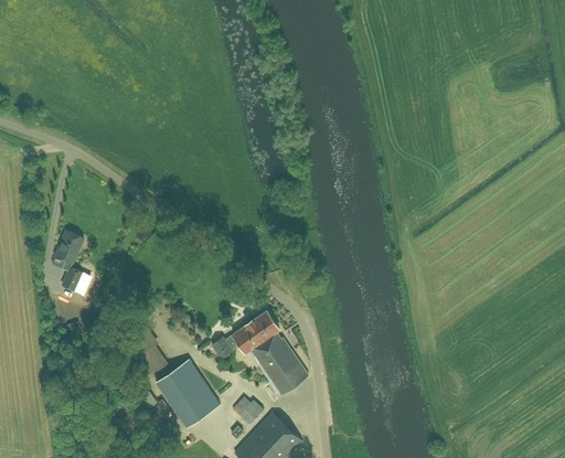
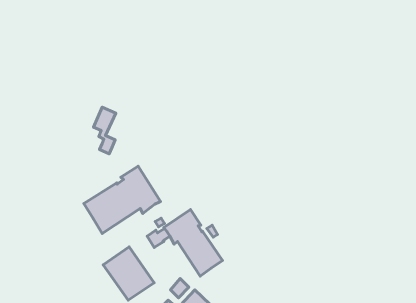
building: [55,232,84,291] -> [93,107,116,154]
building: none -> [84,166,160,233]

